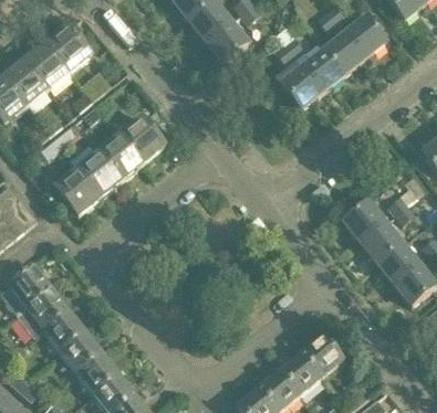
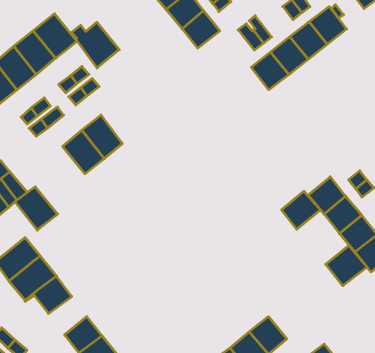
building: [113,115,165,165] -> [72,22,119,68]
building: [53,168,100,215] -> [15,187,58,230]
building: none -> [282,191,320,229]
building: none -> [326,246,367,286]
building: [60,331,102,373] -> none
building: [300,336,342,378] -> none

